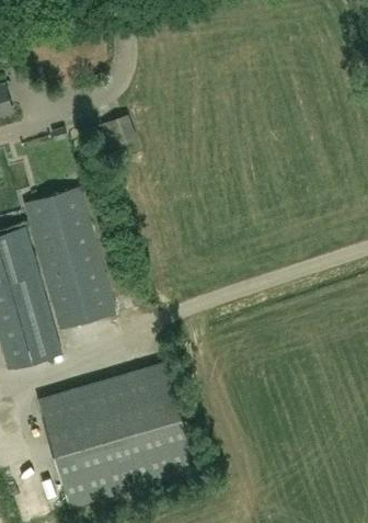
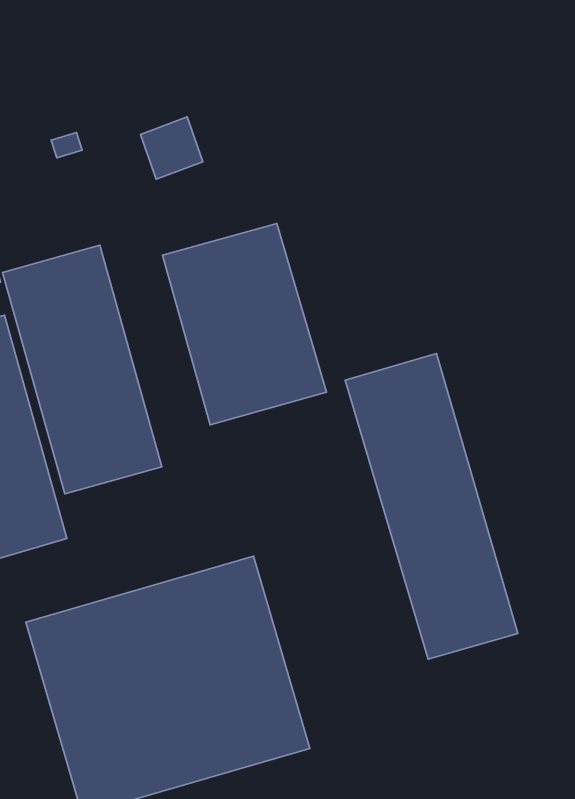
building: none -> [162,224,326,425]
building: none -> [345,353,518,659]

